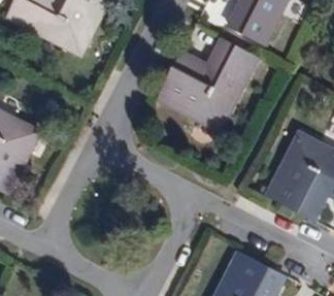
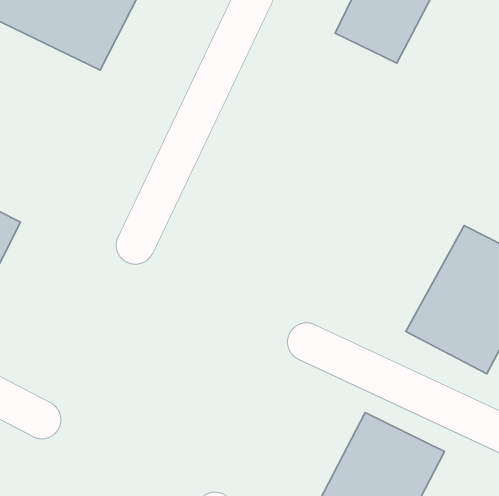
building: [151,36,254,129] -> none

